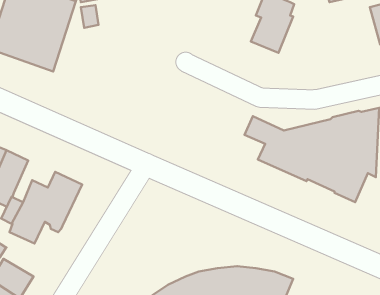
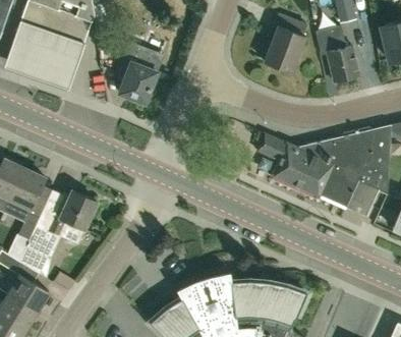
building: none -> [316,25,358,81]
building: none -> [119,43,163,105]

